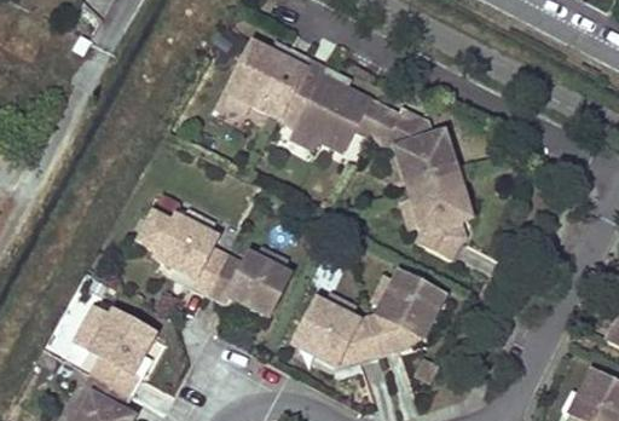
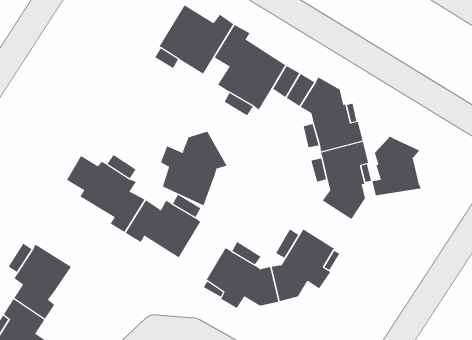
building: none -> [372,136,422,196]
building: none -> [160,131,228,206]

